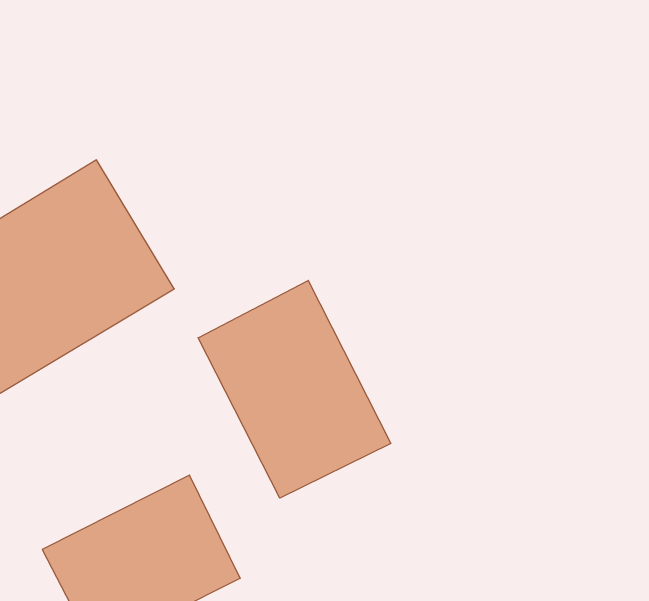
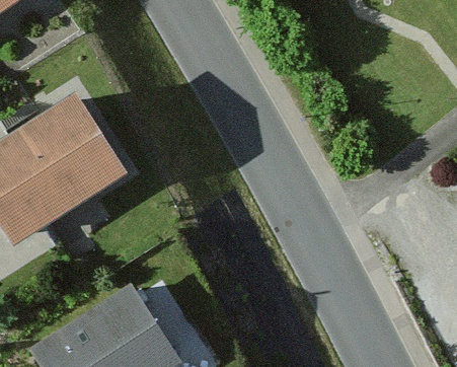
building: [198,280,391,498] -> none

